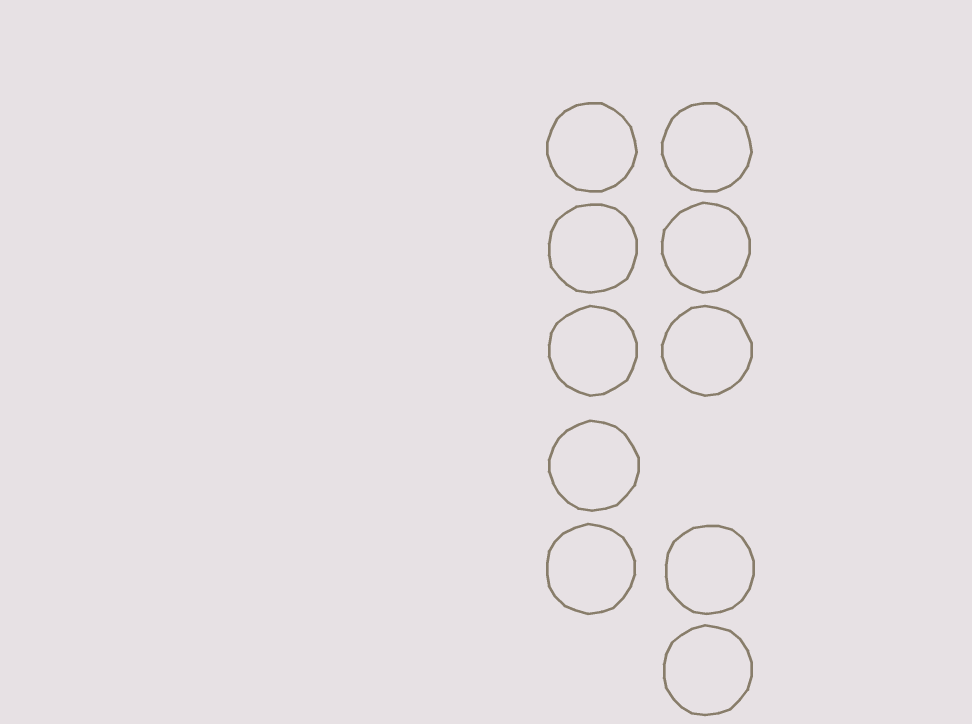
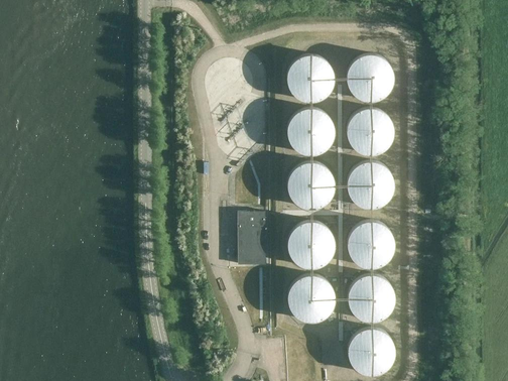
building: none -> [237,212,264,264]
building: none -> [347,222,393,267]

